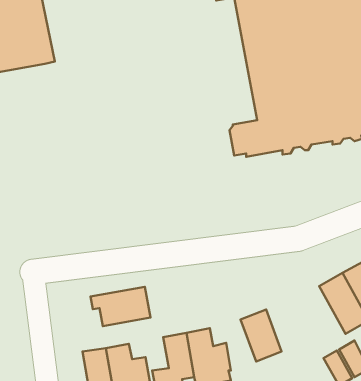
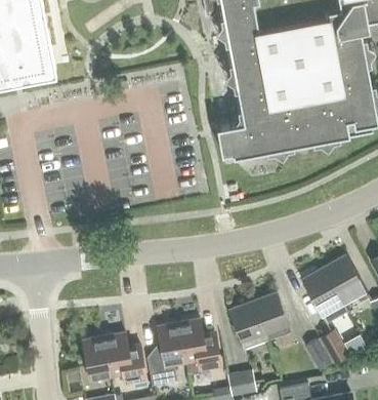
building: [91,287,151,326] -> none
building: none -> [252,291,291,339]

